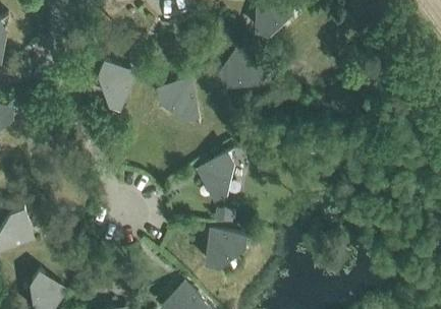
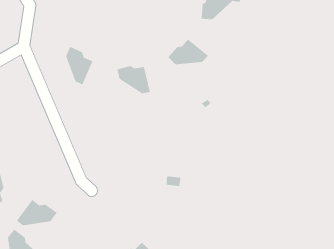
building: [201,152,233,199] -> none
building: [206,232,245,265] -> none
building: none -> [16,199,58,226]

